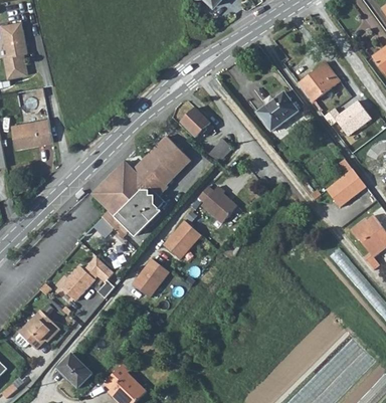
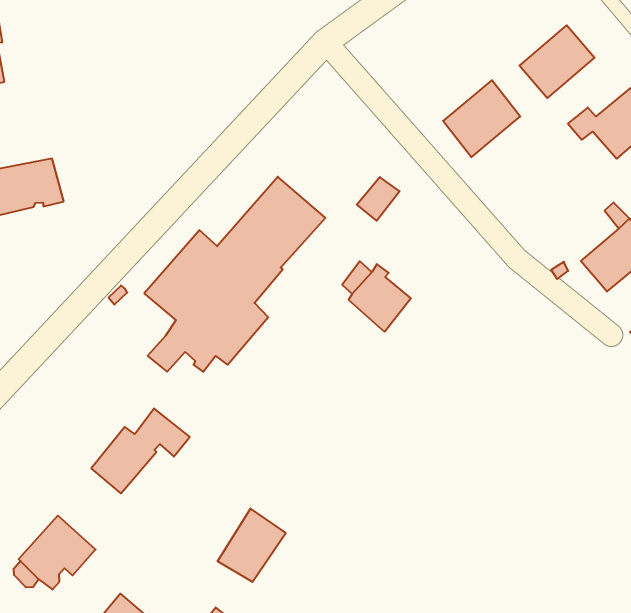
building: [180,109,209,137] -> none
building: [162,220,200,260] -> none
building: [131,258,168,297] -> [217,508,286,582]

